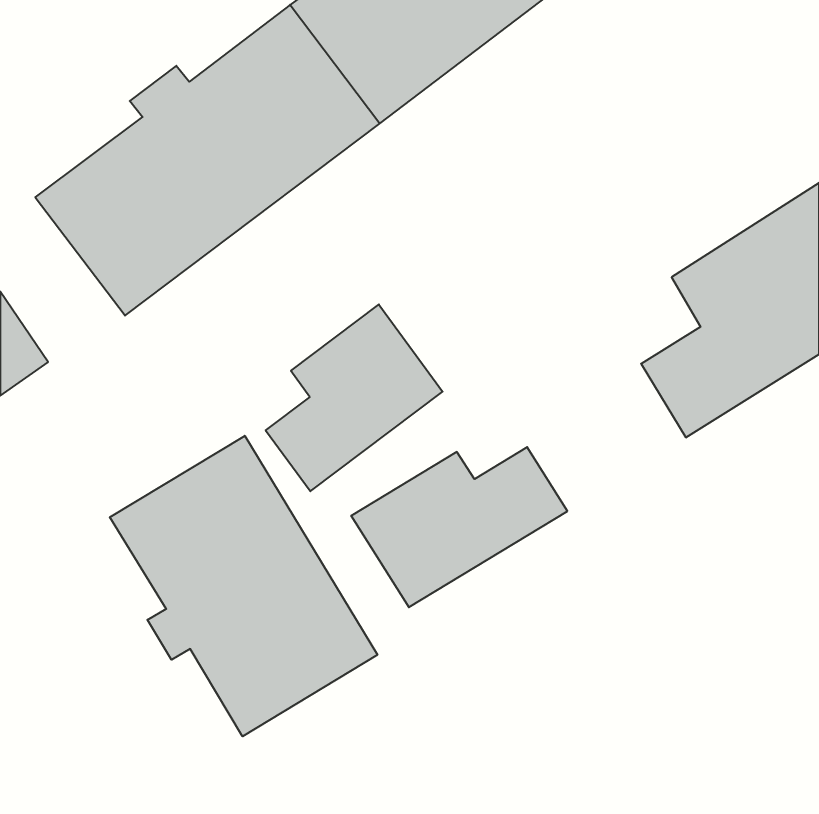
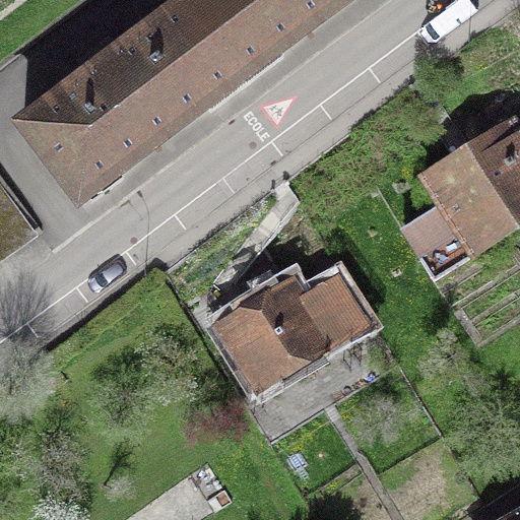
building: [266,304,443,491] -> none
building: [110,436,377,736] -> none

